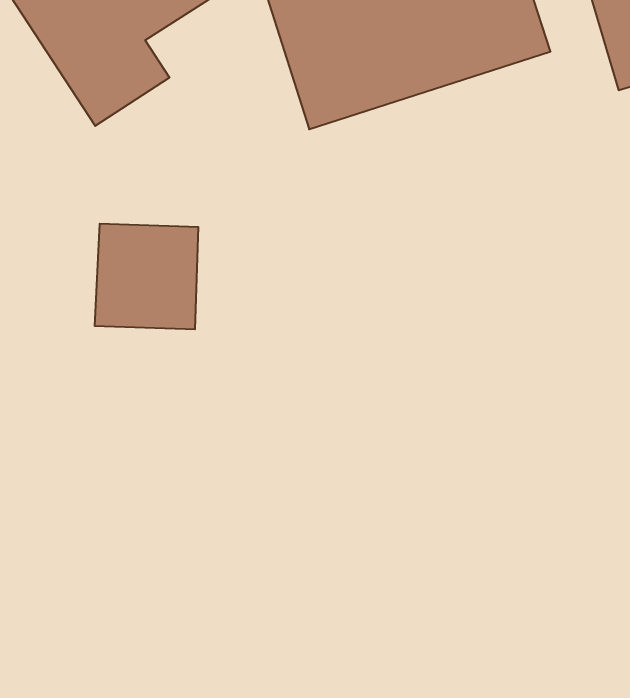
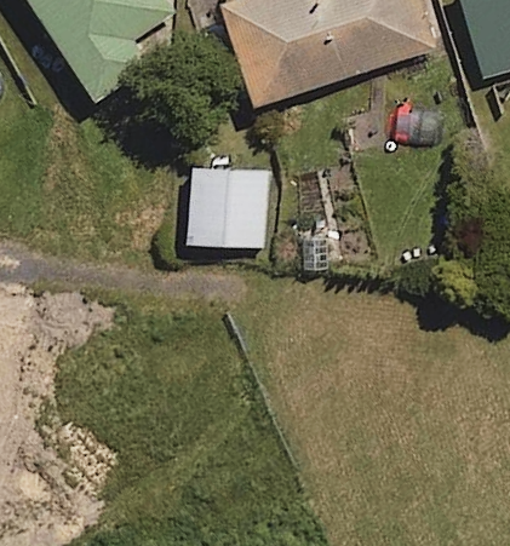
building: [95,224,198,329] -> [189,169,267,248]

